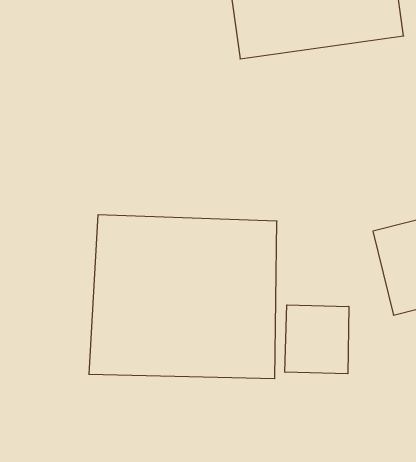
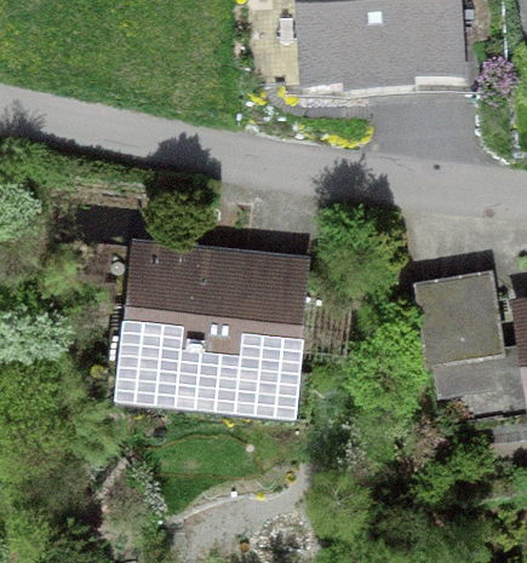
building: [285,305,349,374] -> none

